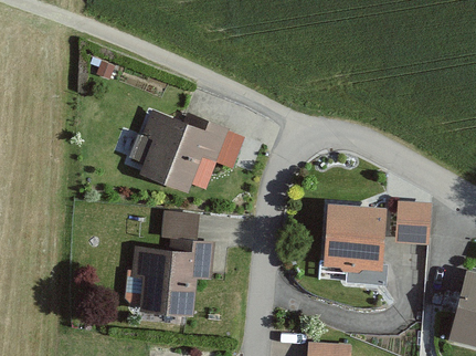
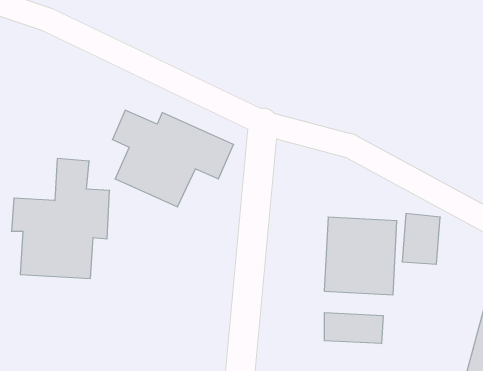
building: [128,213,213,317] -> [11,159,110,278]
building: none -> [324,313,383,344]

